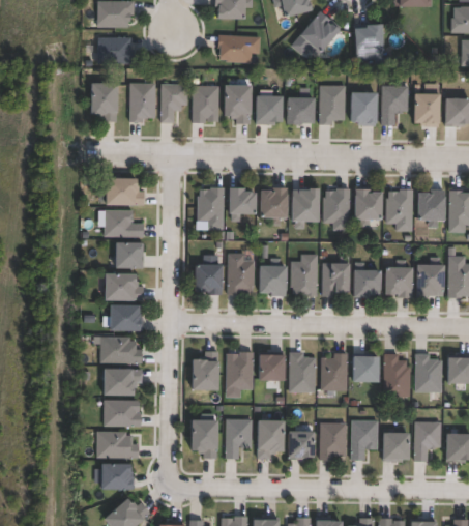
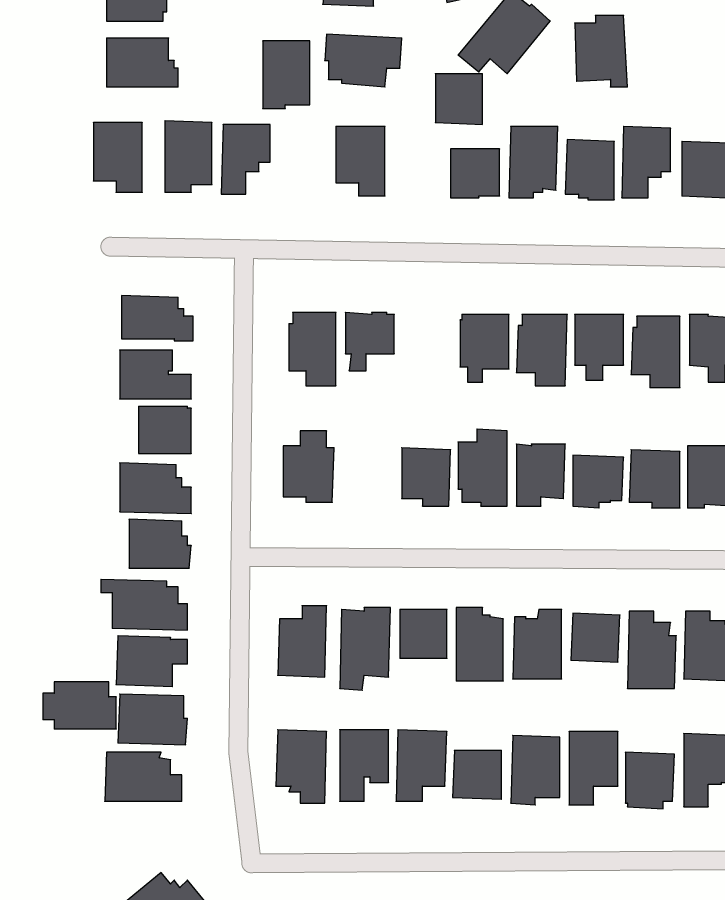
building: [193,86,218,123] -> [263,41,310,109]
building: [256,96,282,124] -> [435,74,482,124]
building: [260,188,288,224] -> none
building: [228,252,255,294] -> none
building: [94,462,135,488] -> [43,682,116,729]

